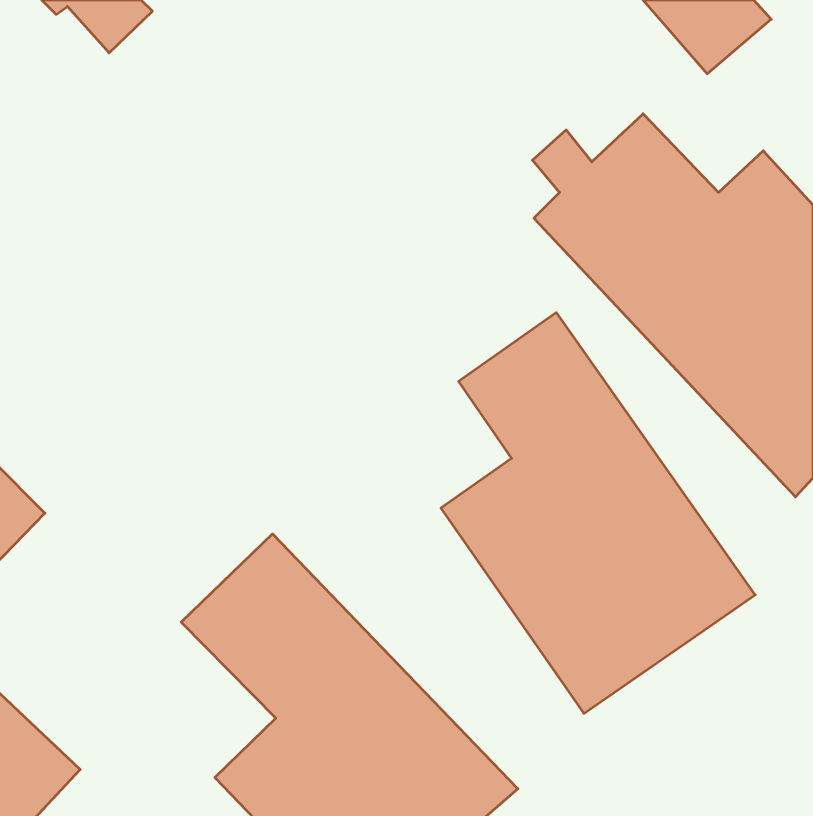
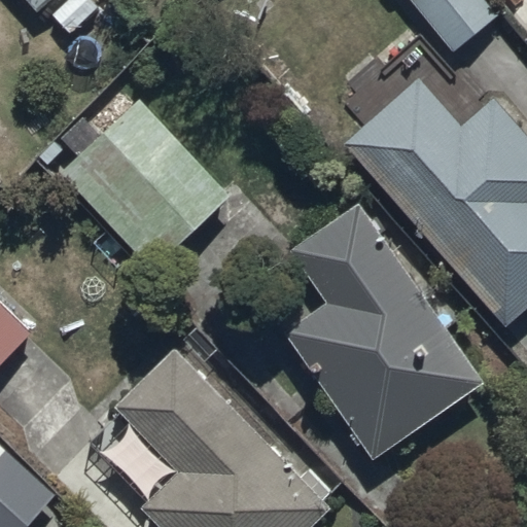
building: none -> [58,98,231,271]

